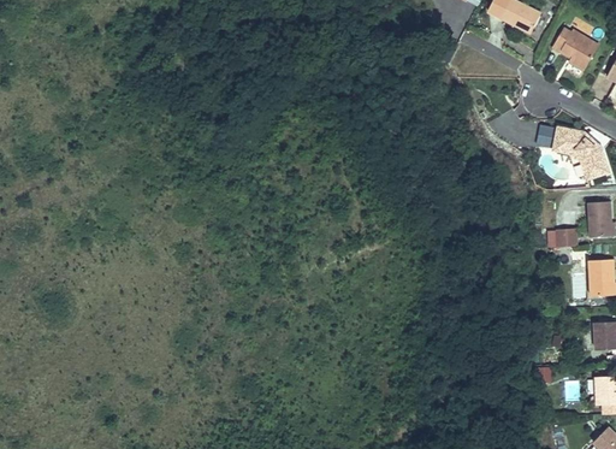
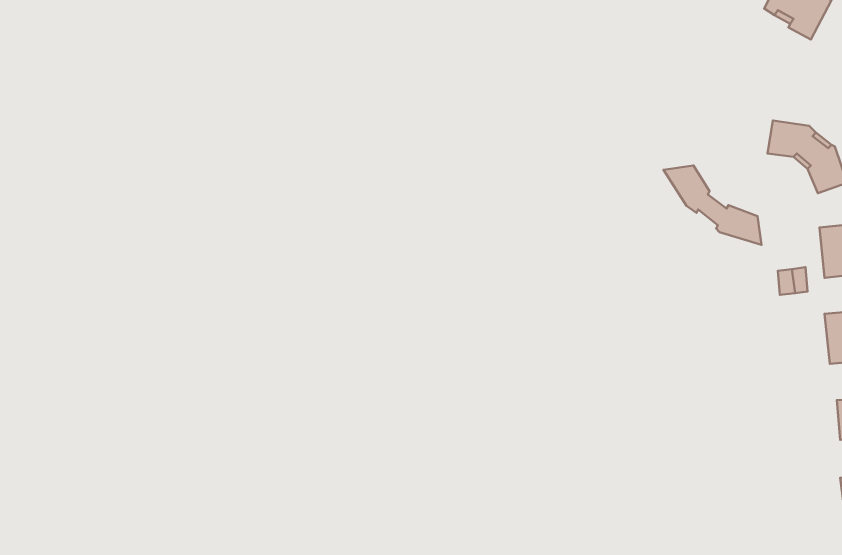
building: none -> [664,165,761,245]

